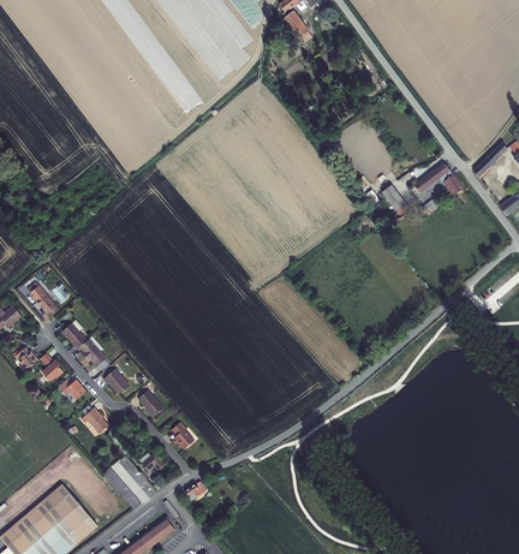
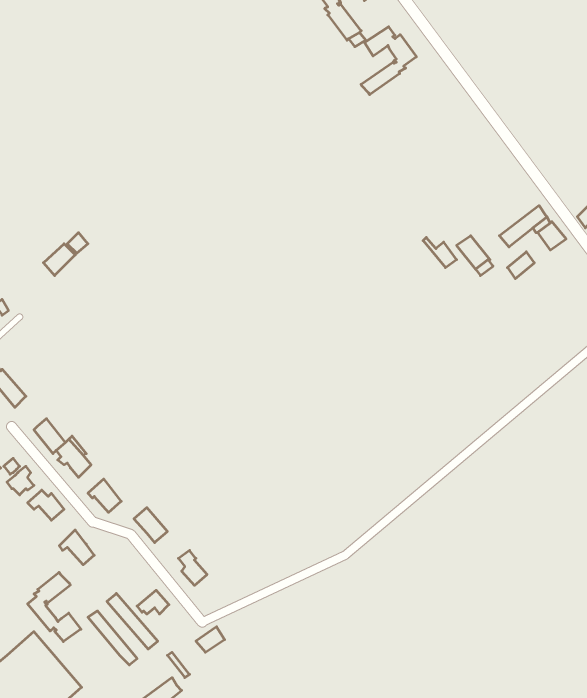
building: none -> [361,27,416,95]
building: none -> [28,572,81,642]

